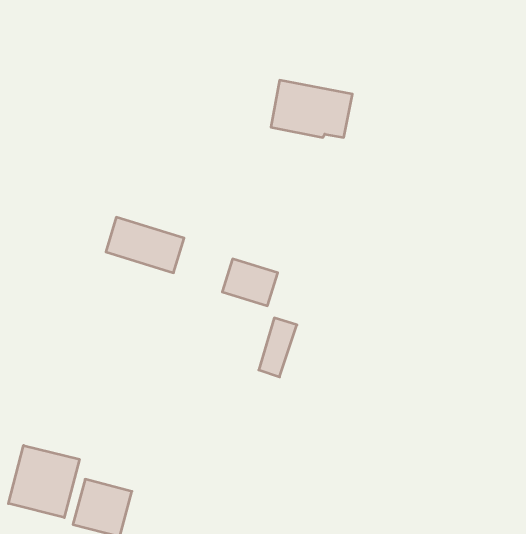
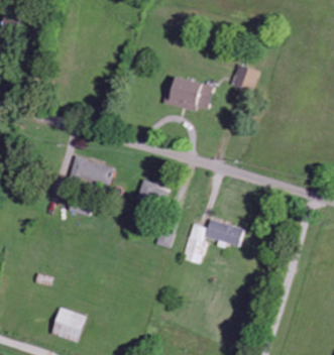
building: none -> [231,64,260,93]
building: none -> [184,218,245,263]
building: [8,445,79,518] -> none

